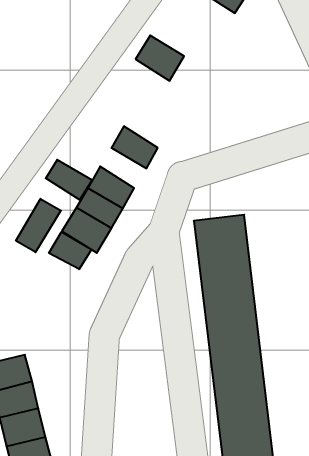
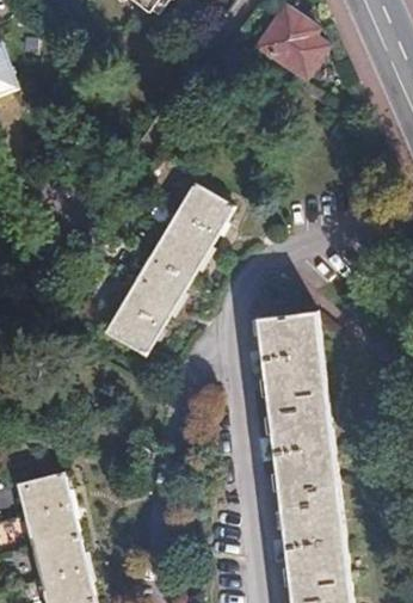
building: [136,35,184,81] -> [177,180,233,233]
building: [46,160,92,200] -> [149,233,203,279]
building: [16,199,61,252] -> none
building: [49,232,91,269] -> none

